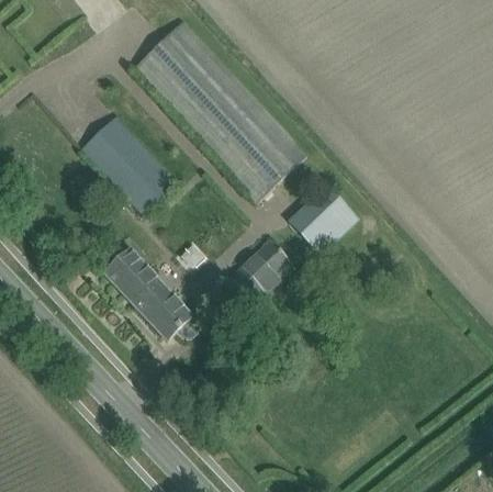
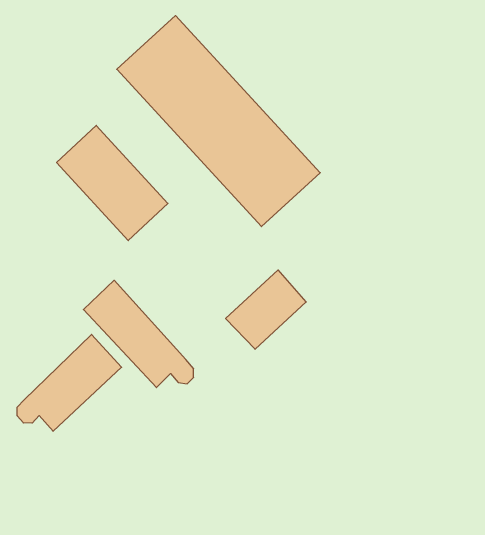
building: [289,185,359,255] -> none
building: none -> [17,334,122,431]

